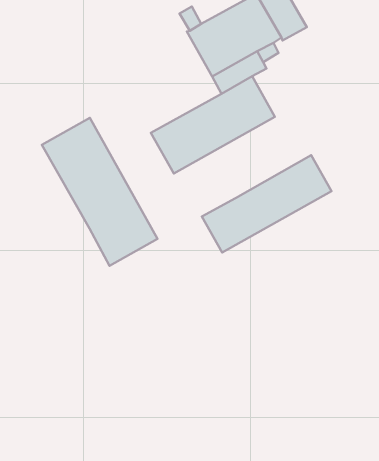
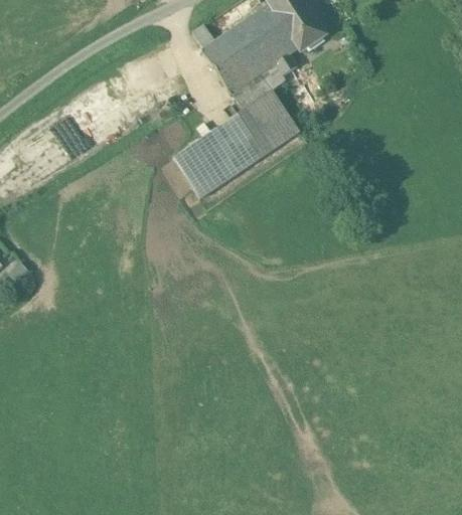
building: [42,118,157,266] -> none
building: [202,155,331,253] -> none

